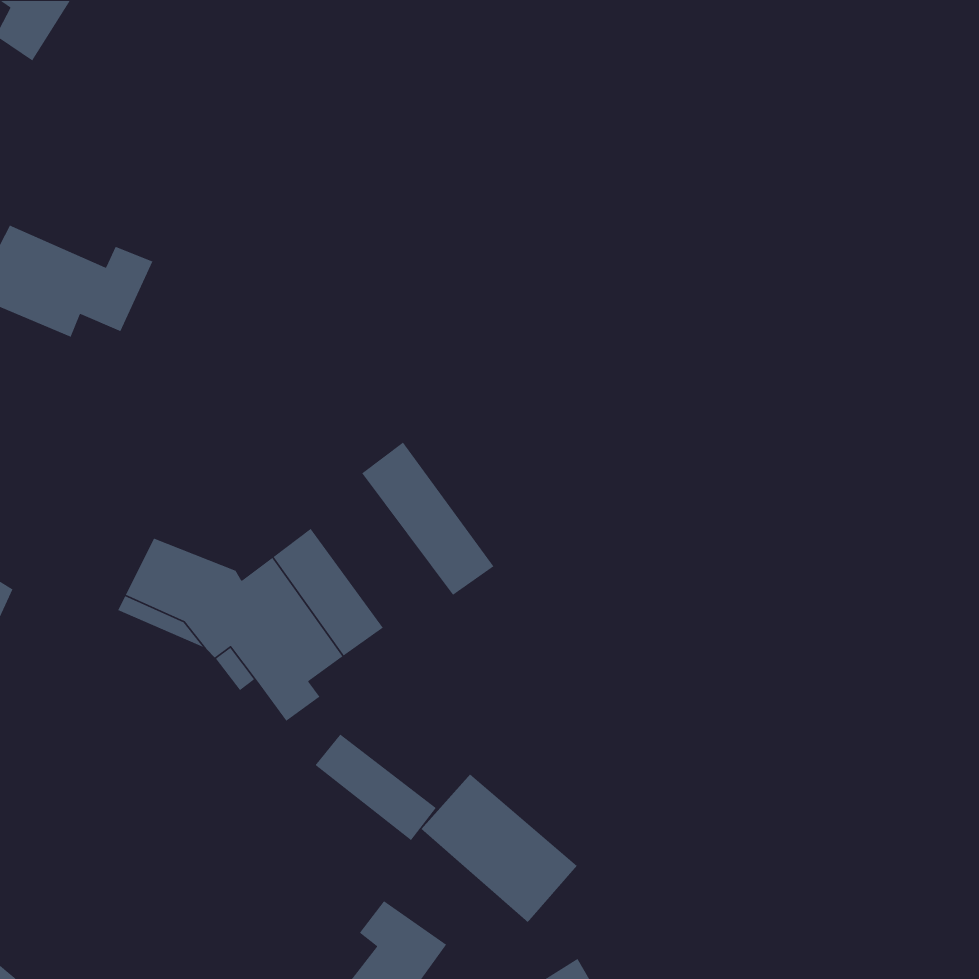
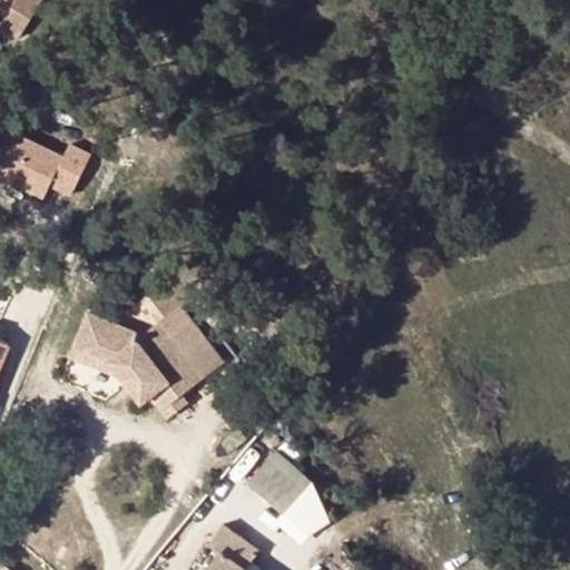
building: [361,441,495,596] -> none
building: [315,733,437,841] -> none

